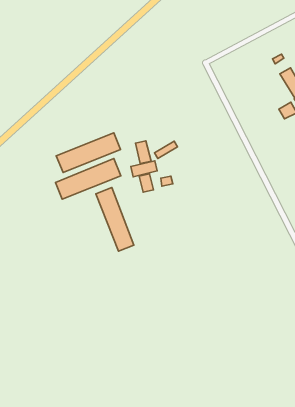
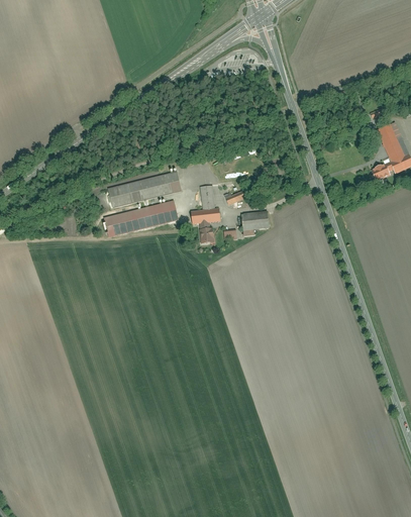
building: none -> [240,211,269,231]
building: [96,188,134,251] -> none

